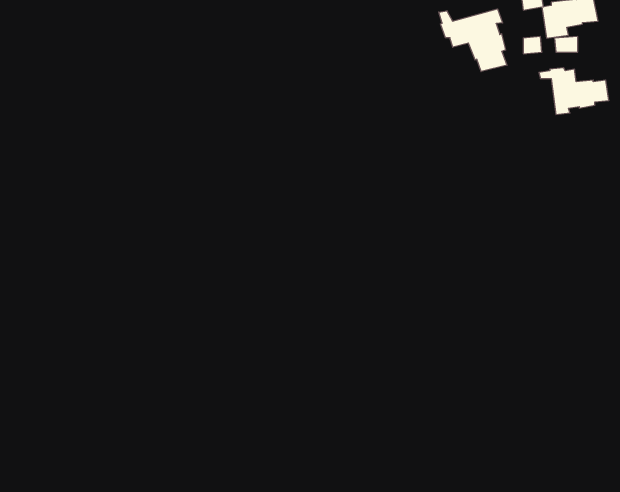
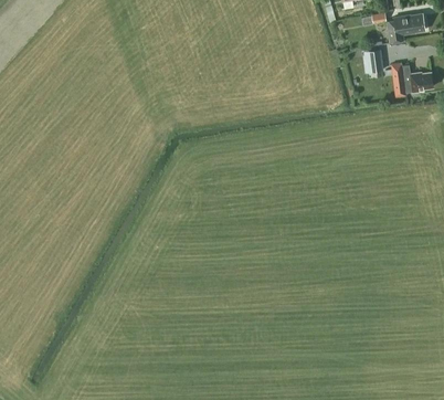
building: [439,9,507,72] -> none

